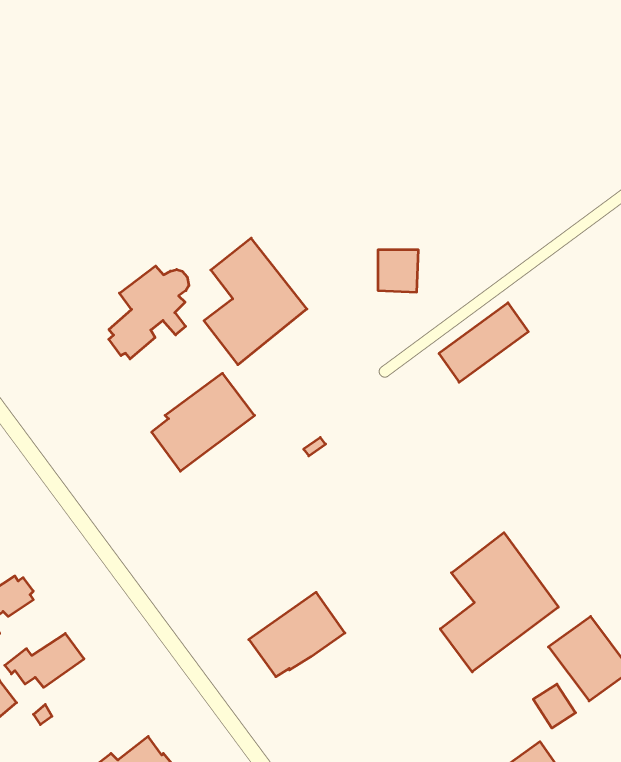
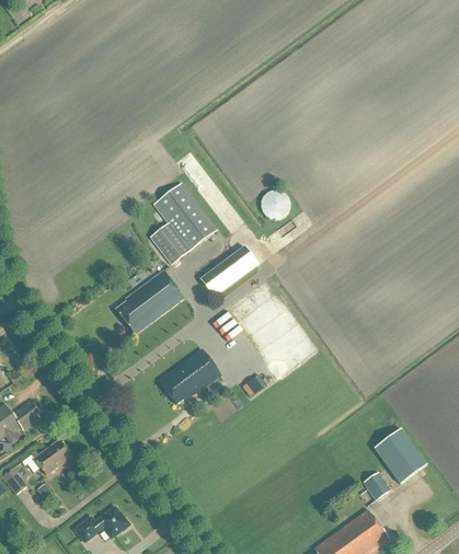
building: [109,266,189,359] -> none
building: [439,303,528,382] -> [200,246,259,298]
building: [440,533,558,672] -> none
building: [249,592,345,677] -> [158,349,220,404]

